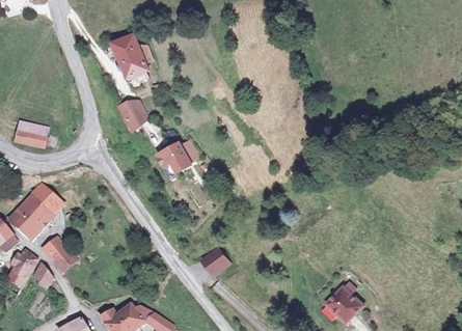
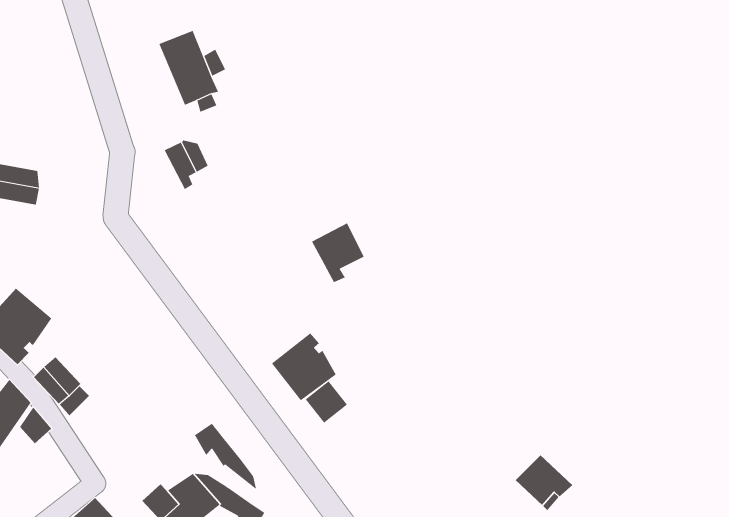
building: [155,144,187,181] -> [311,223,365,283]
building: [29,181,61,210] -> none
building: none -> [271,332,337,401]
building: none -> [194,423,257,490]

